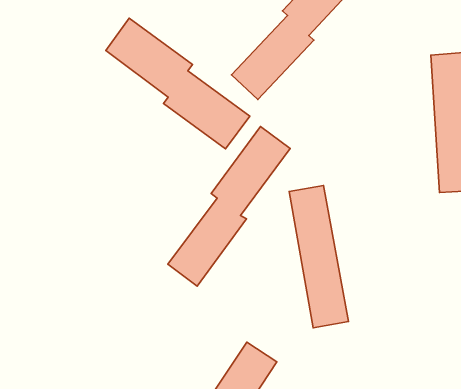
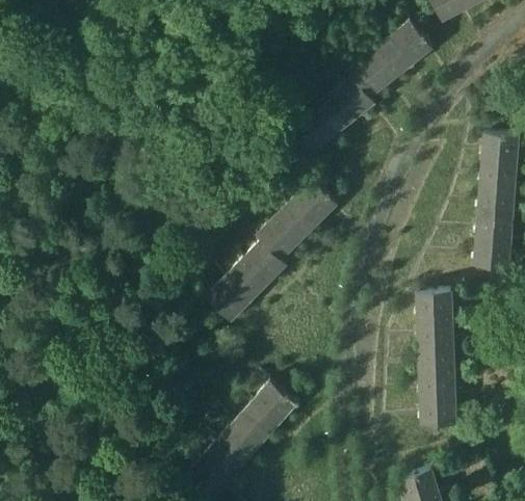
building: [106,18,250,149] -> none
building: [289,185,348,328] -> [418,290,456,424]

